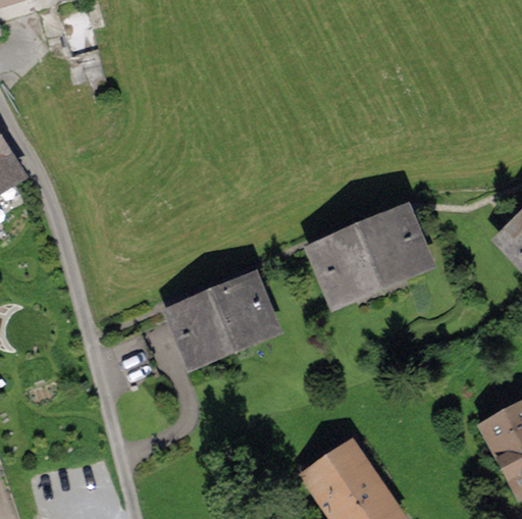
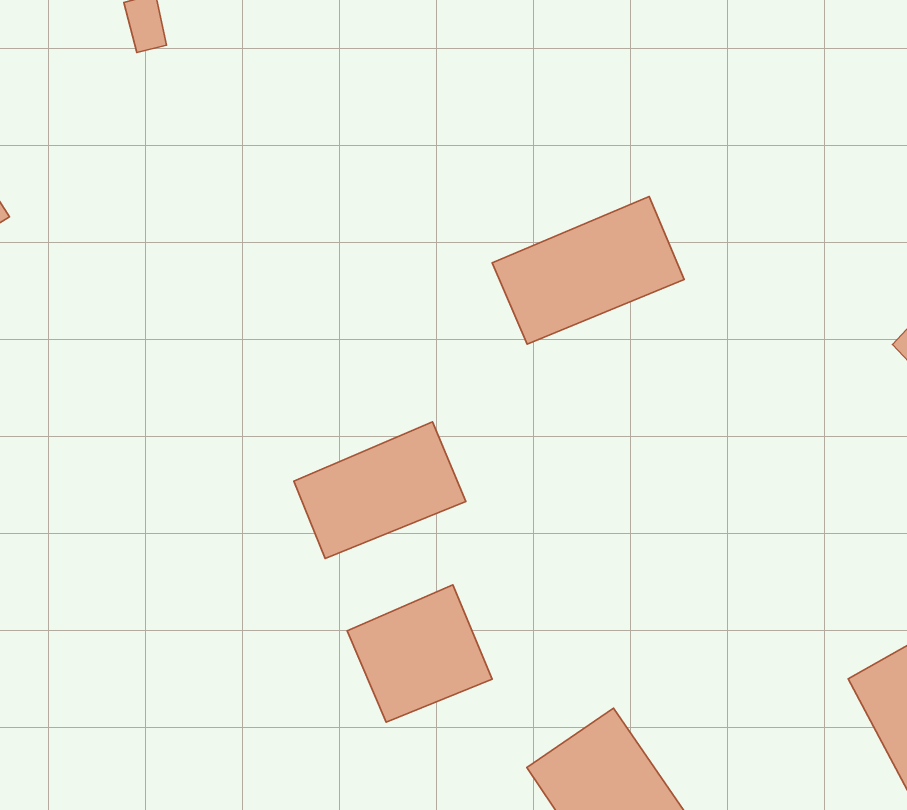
building: [317,215,423,297] -> [492,196,684,344]
building: none -> [347,585,492,722]

